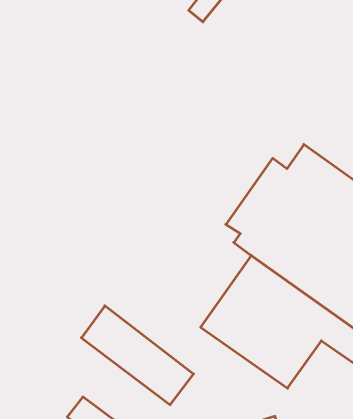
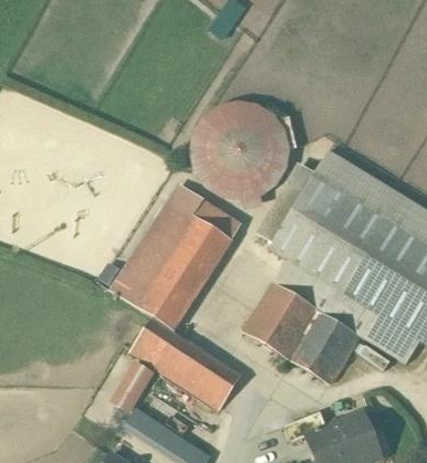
building: none -> [195,106,287,197]
building: none -> [112,183,242,329]
building: none -> [111,360,153,411]

